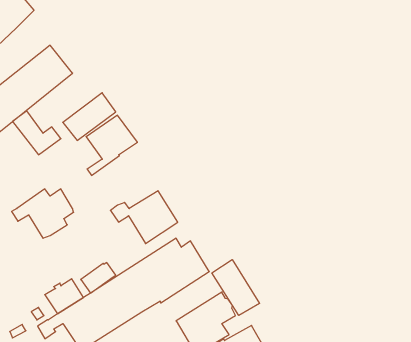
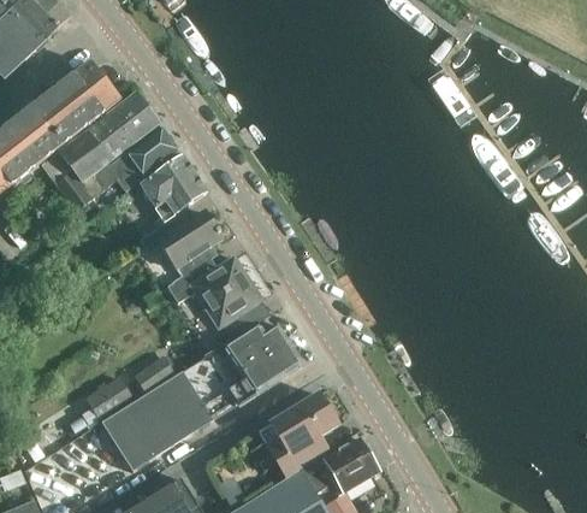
building: none -> [59,93,158,179]
building: [12,189,74,238] -> [138,210,221,276]
building: [212,260,260,315] -> none

